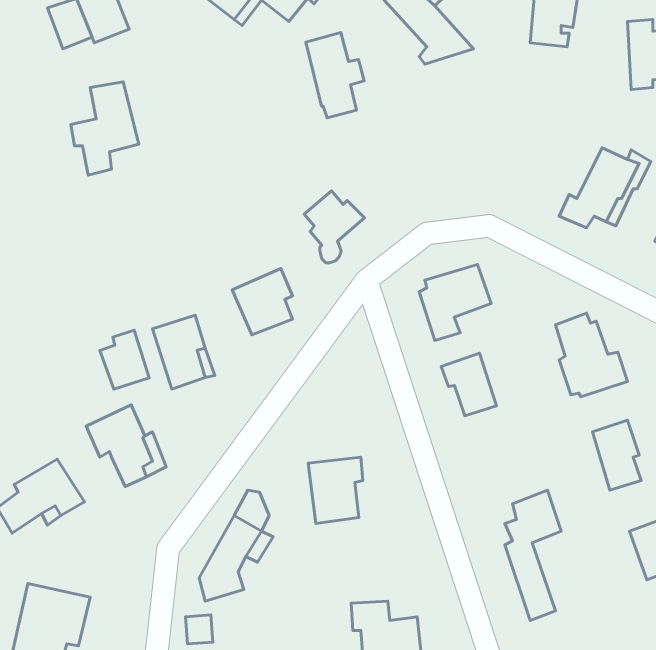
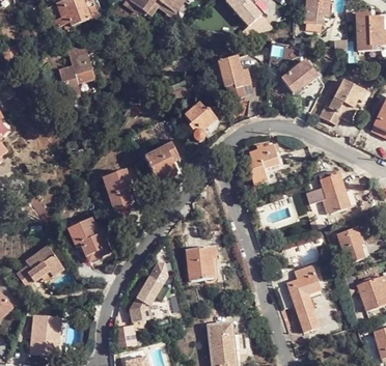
building: [306,32,364,118] -> [218,55,249,101]
building: none -> [280,61,318,98]
building: [100,330,149,389] -> none
building: [441,353,497,416] -> none

